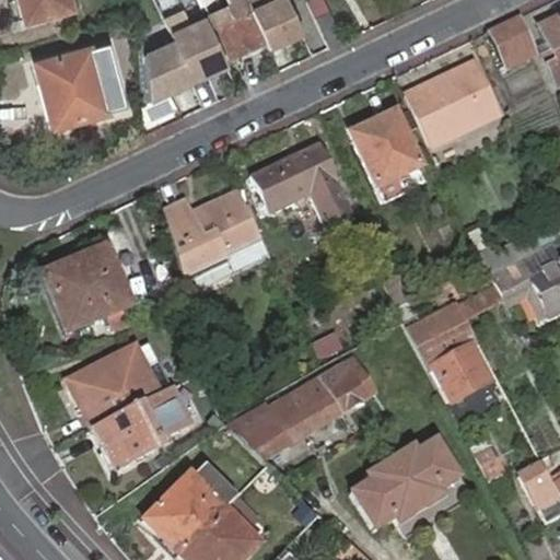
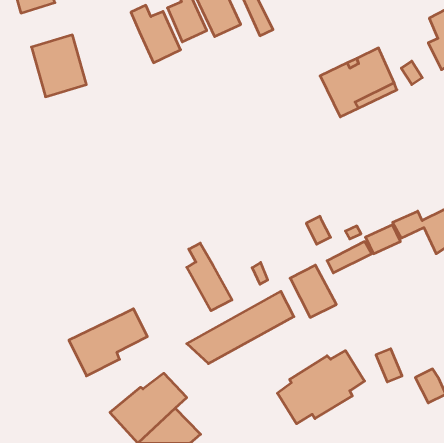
building: [488,14,537,67] -> none
building: [150,40,195,98] -> none
building: [351,109,421,185] -> none
building: [254,143,355,230] -> none
building: [166,184,262,278] -> none
building: [40,252,125,328] -> none
building: none -> [187,243,232,311]
building: [435,330,493,396] -> [290,265,336,317]
building: [66,350,159,427] -> none

